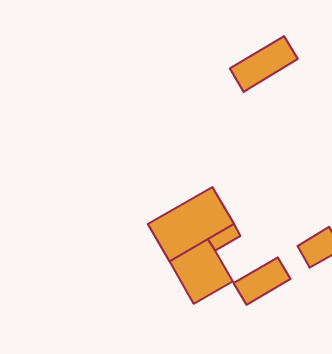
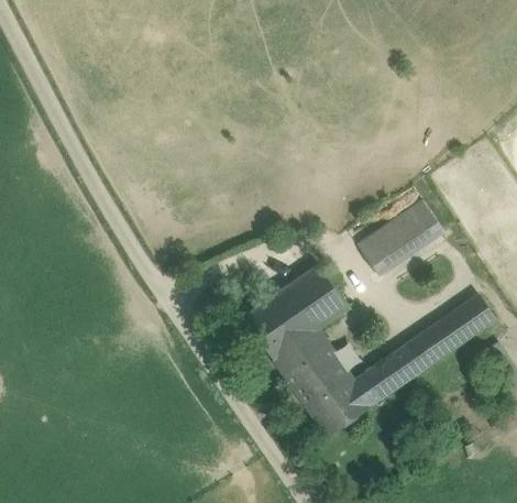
building: [230,36,298,92] -> [359,203,441,274]
building: none -> [406,329,446,370]
building: none -> [307,378,372,436]

